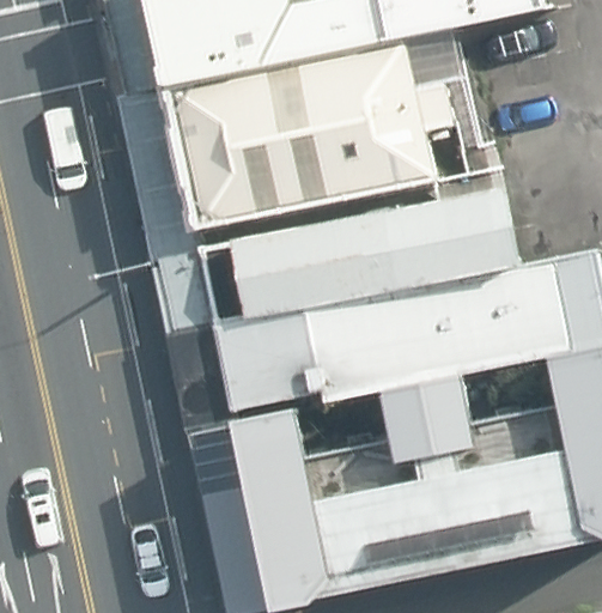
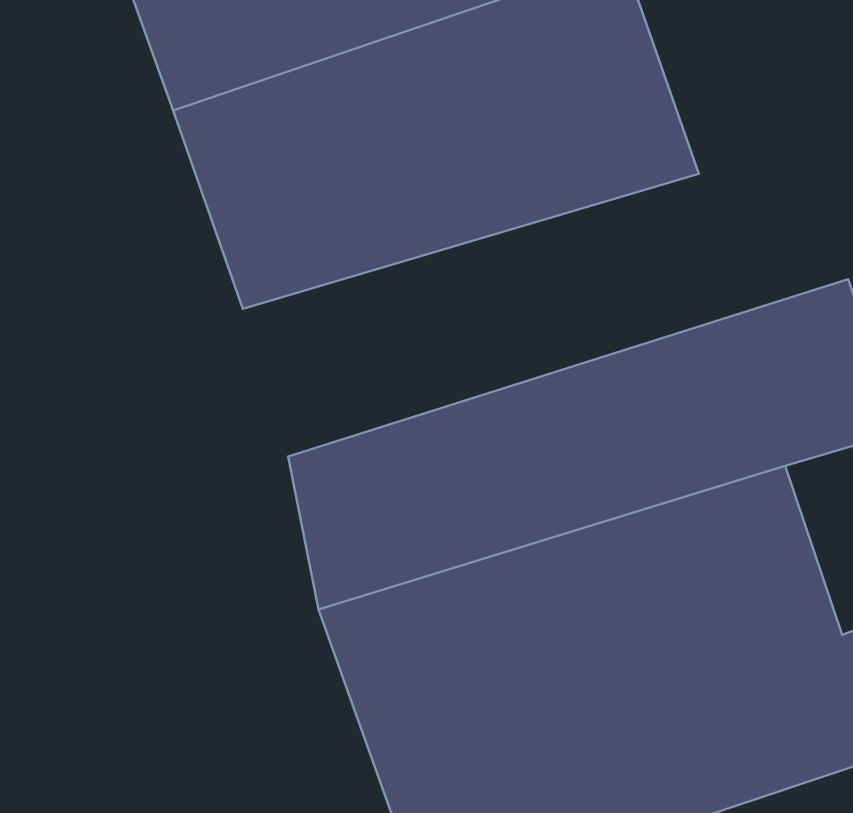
building: [195,184,515,311] -> none

